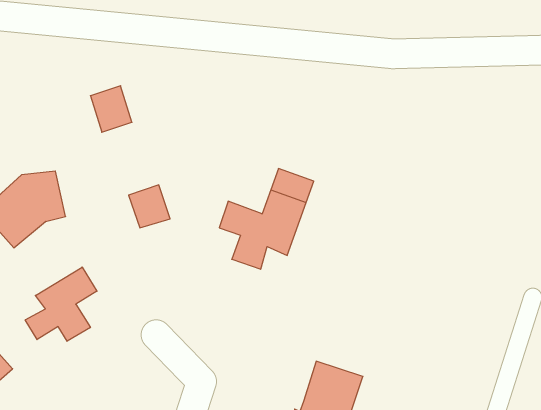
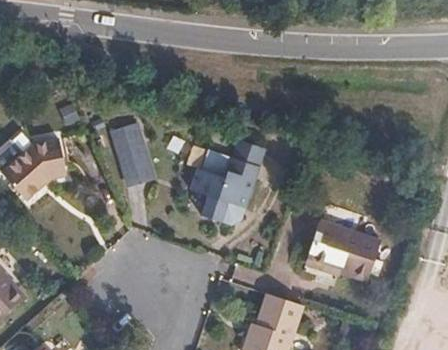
building: [90,86,132,132] -> [109,123,142,160]
building: none -> [307,217,381,280]
building: [25,267,97,341] -> none

